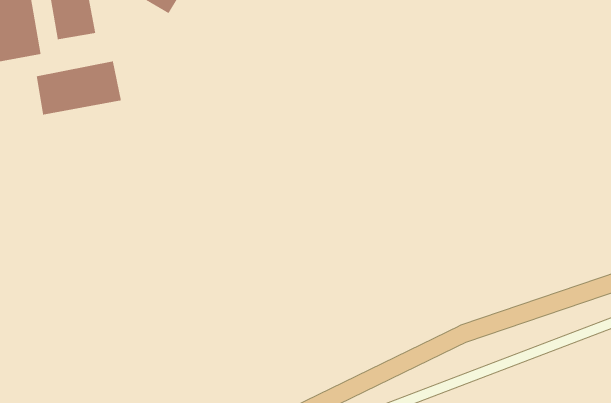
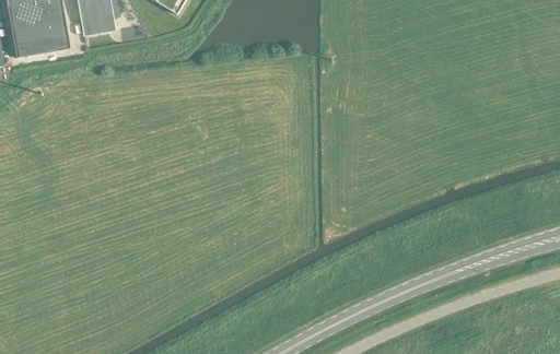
building: [36,60,122,115] -> none

